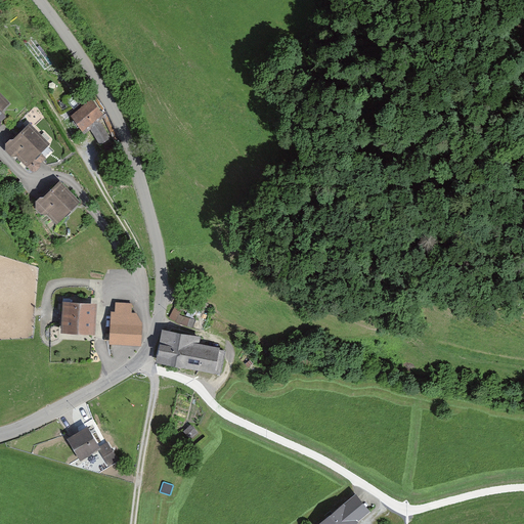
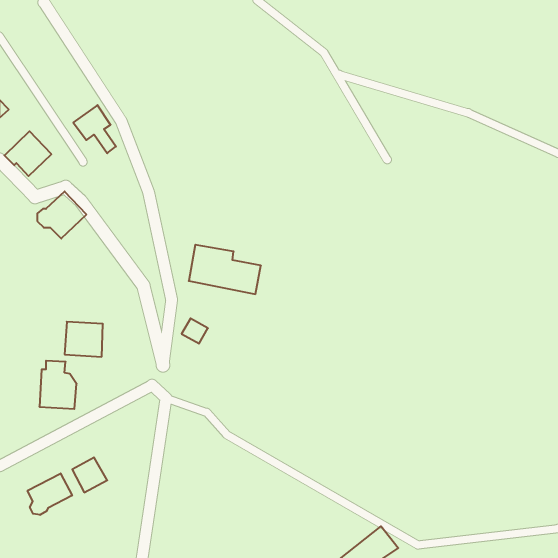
building: [107,302,142,347] -> [39,361,77,409]
building: [158,330,225,376] -> [189,245,261,294]
building: none -> [28,473,72,515]

